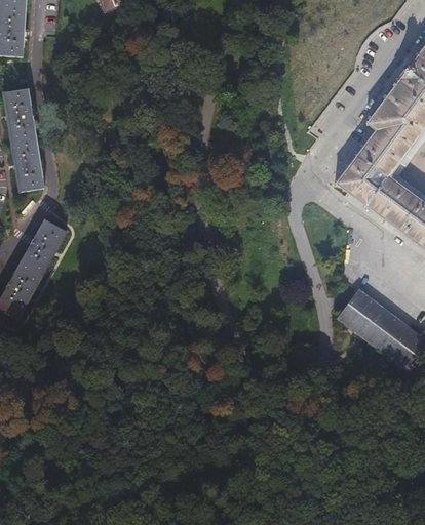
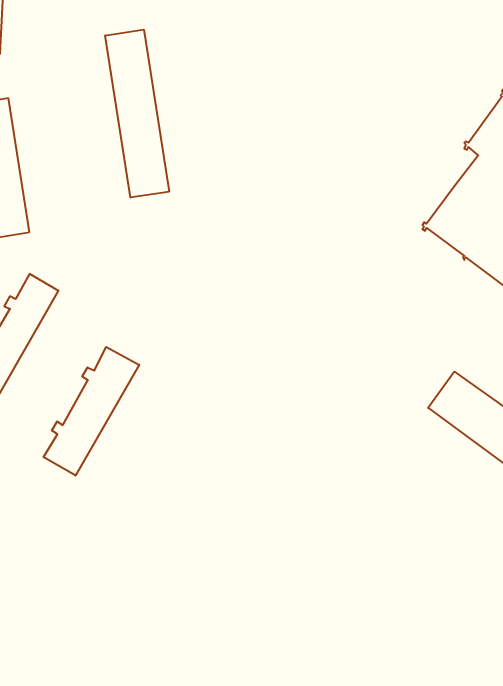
building: none -> [105,30,169,198]
building: none -> [44,347,139,476]

